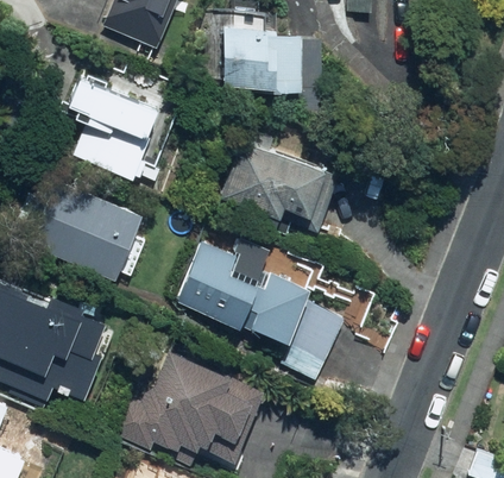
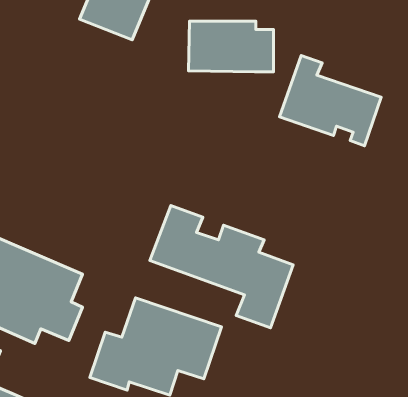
building: [68,75,163,183] -> none
building: [220,127,336,231] -> [280,56,381,146]
building: [36,183,151,281] -> none

